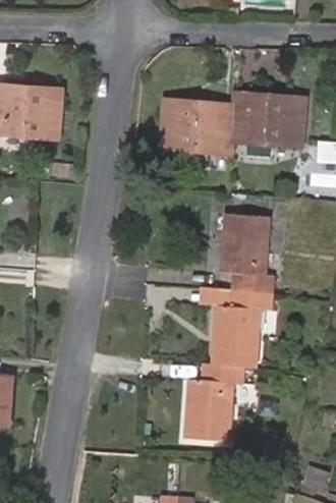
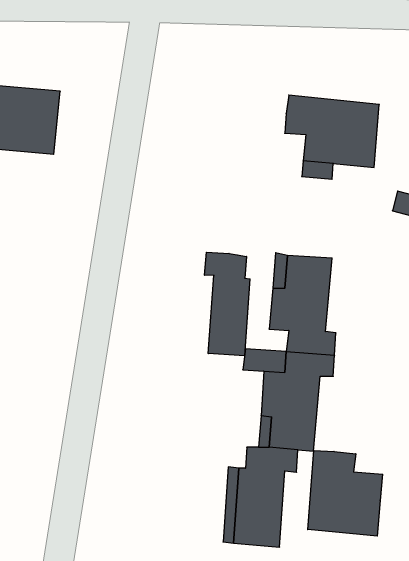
building: [162,100,234,155] -> none
building: none -> [205,252,250,356]
building: none -> [308,450,383,536]

